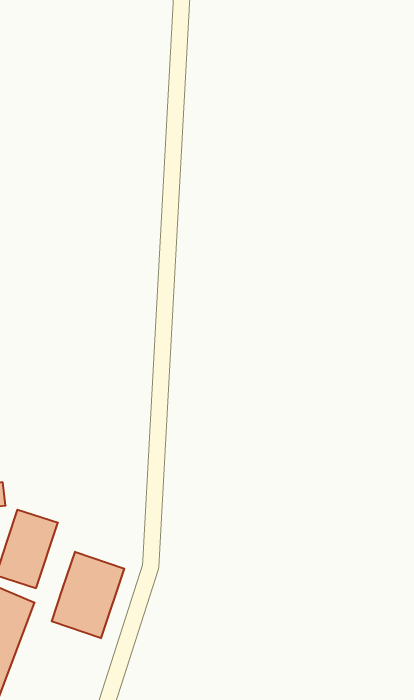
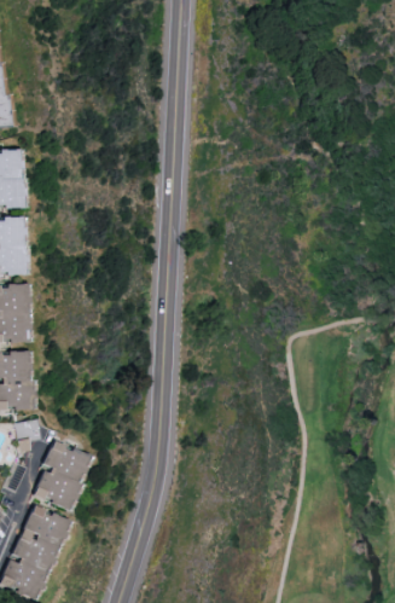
building: [52,552,124,638] -> none

